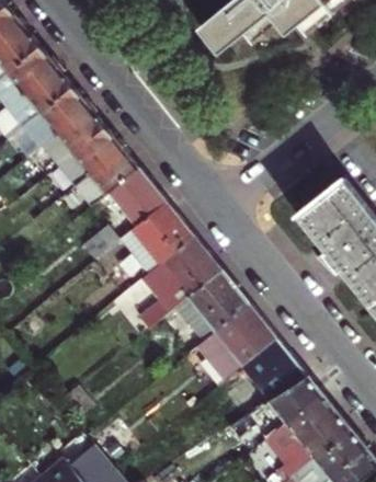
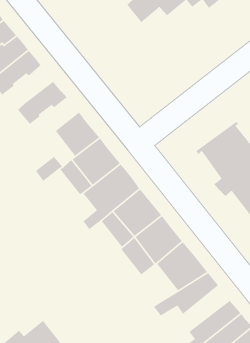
building: [41,107,105,165] -> none
building: [75,149,139,206] -> none
building: [269,395,337,457] -> none

